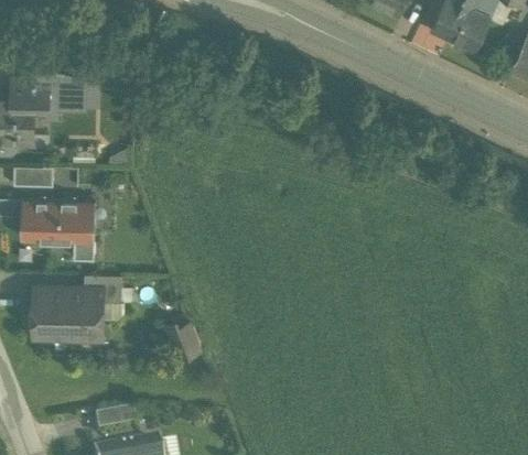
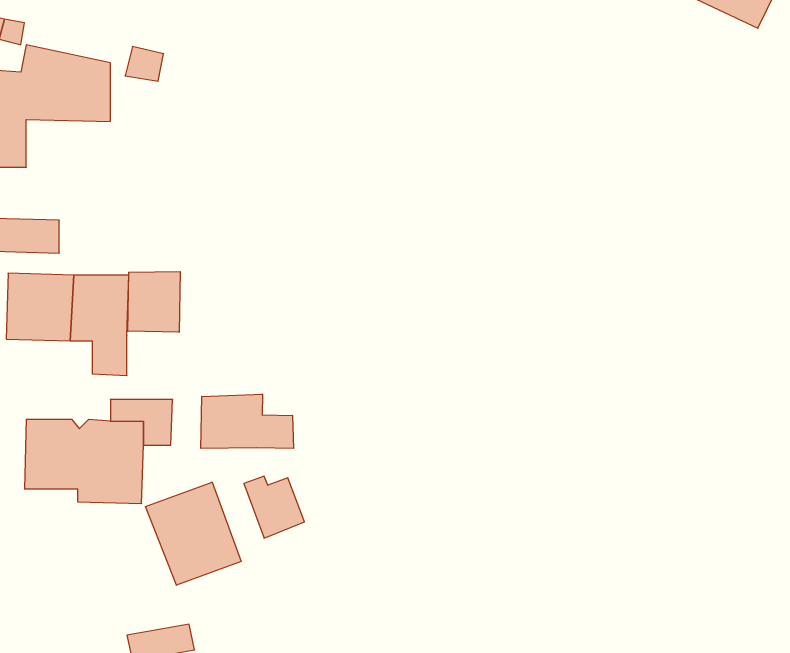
building: none -> [128,272,180,332]
building: none -> [201,394,293,448]
building: none -> [145,482,241,585]

